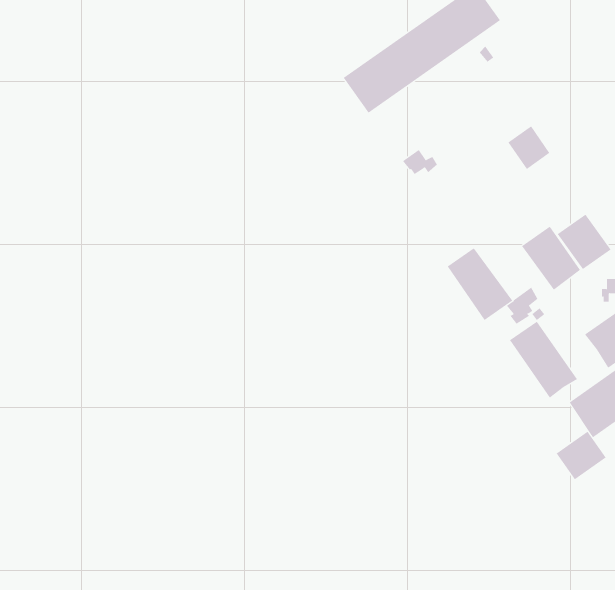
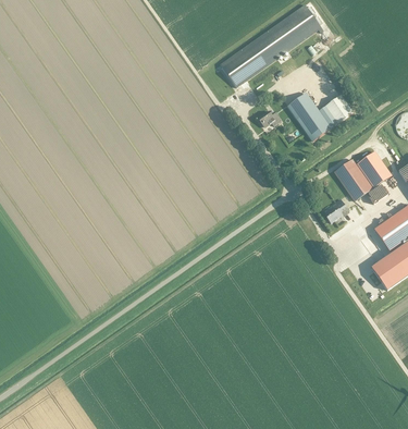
building: [447,248,513,321] -> [288,93,331,139]
building: [509,321,578,399] -> none
building: [556,431,607,480] -> none

